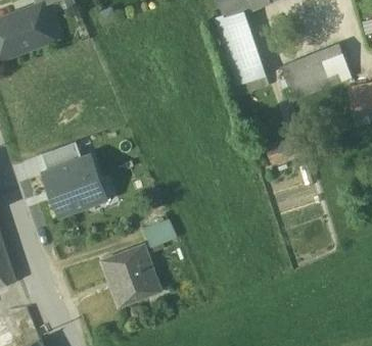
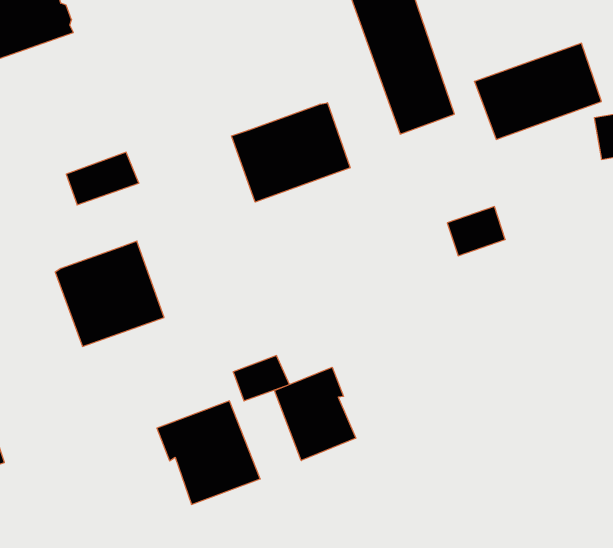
building: none -> [231,103,350,202]
building: [41,142,82,171] -> [66,152,139,205]
building: none -> [274,367,356,461]

